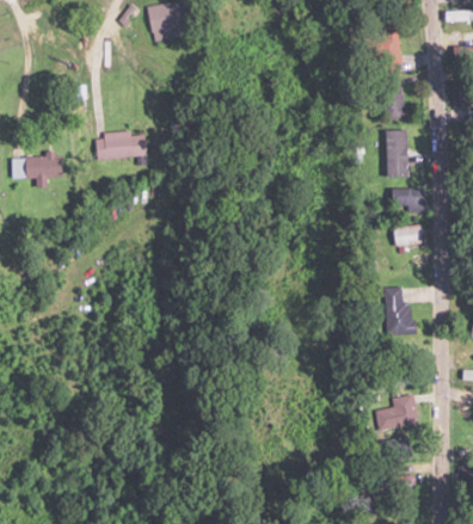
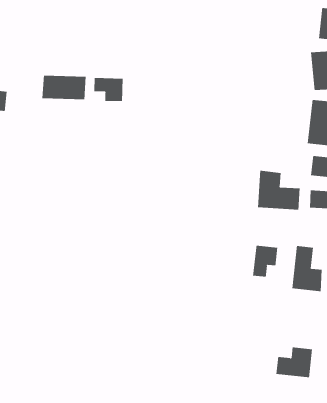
building: none -> [94,77,123,102]
building: none -> [258,170,300,210]
building: none -> [253,245,278,278]

